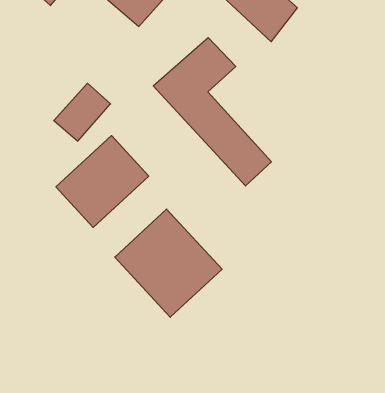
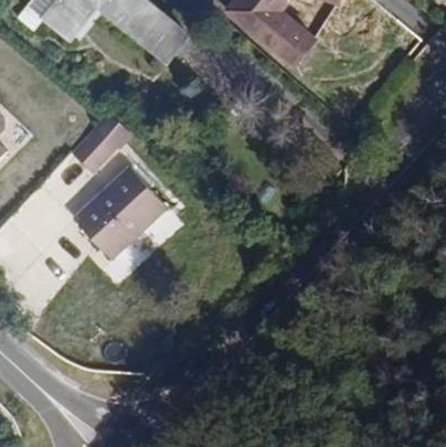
building: [153,38,271,186] -> none
building: [115,209,222,317] -> none

